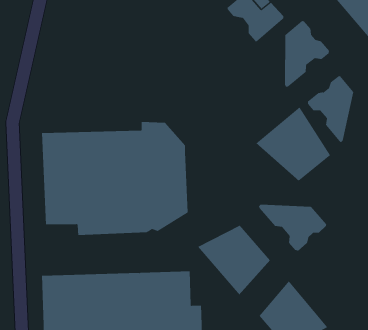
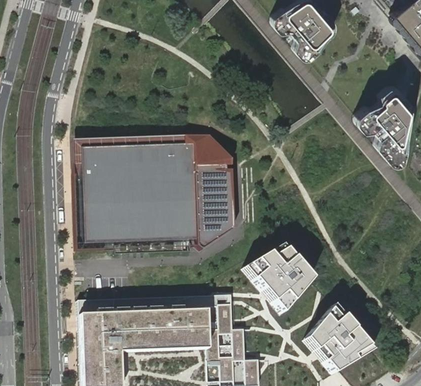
building: [284,20,330,87] -> none
building: [255,107,331,181] -> none
building: [258,204,327,251] -> none

